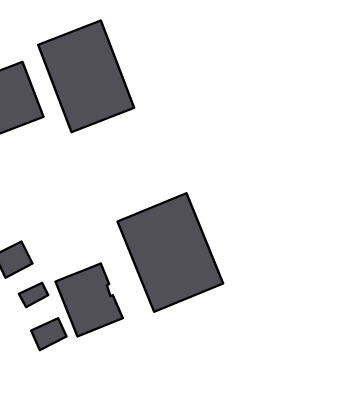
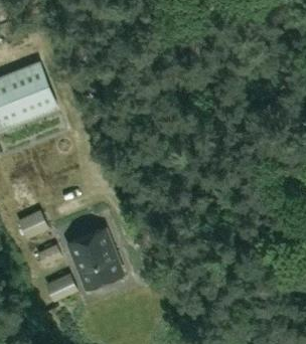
building: [38,21,134,132] -> none
building: [117,193,223,312] -> none

